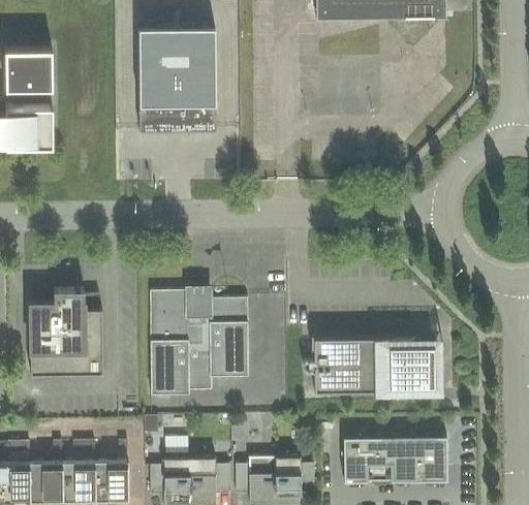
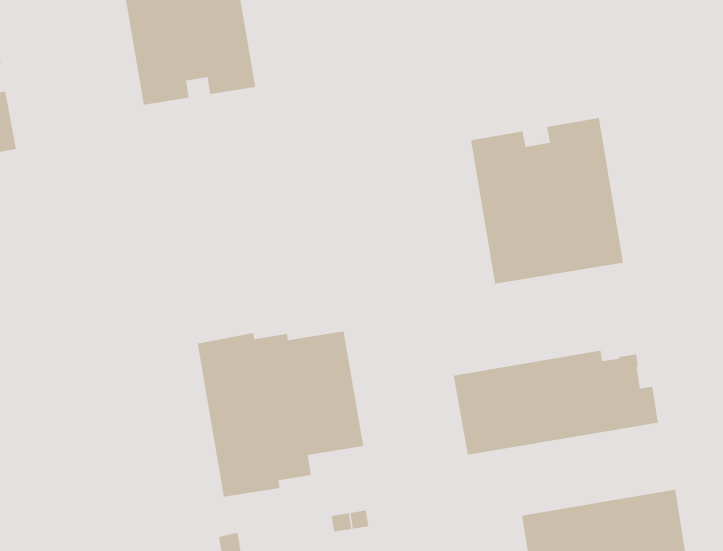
building: none -> [470,117,624,285]
building: [29,290,102,375] -> none

